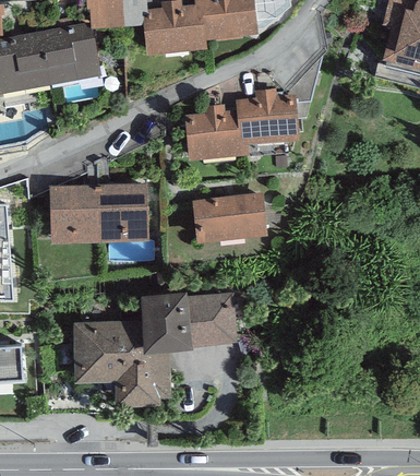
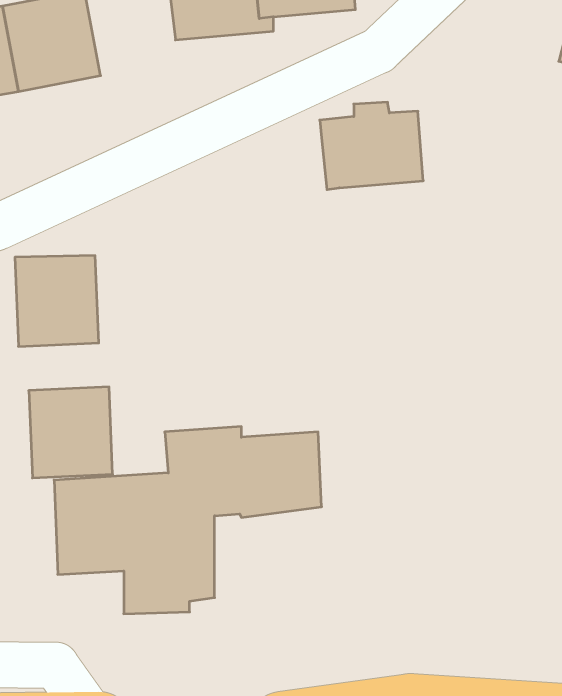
building: [185,107,248,162] -> none
building: [97,183,148,239] -> [29,387,113,478]
building: [192,194,266,246] -> none

